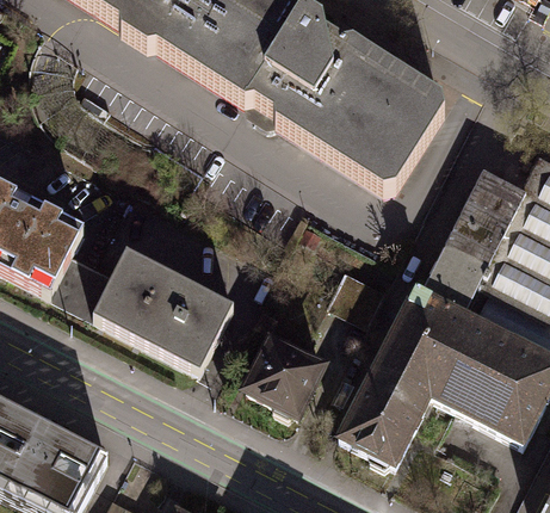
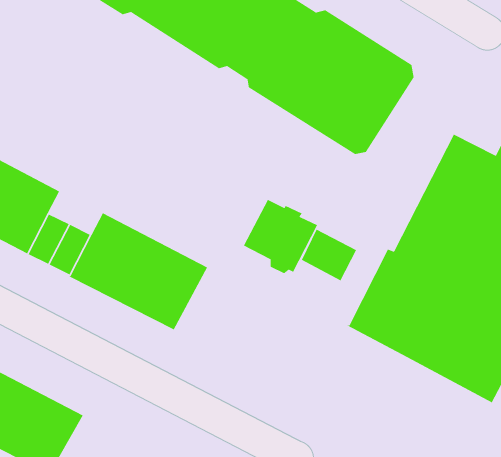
building: [247,335,323,412] -> [243,199,318,274]
building: [340,361,432,461] -> none

